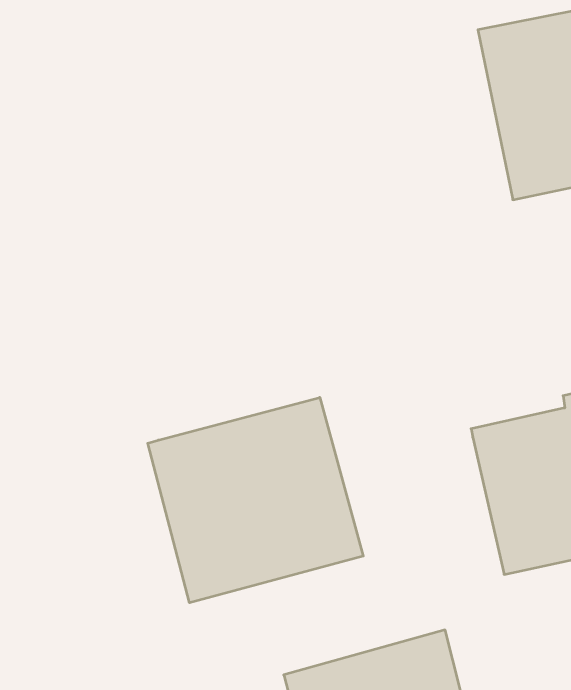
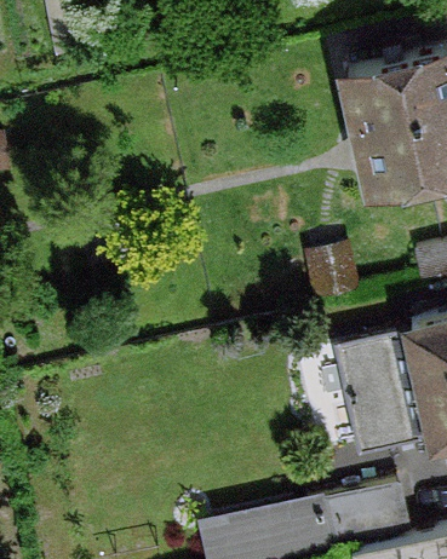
building: [148,397,363,603] -> none

